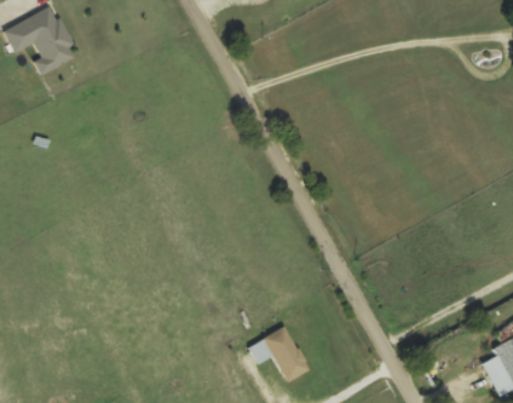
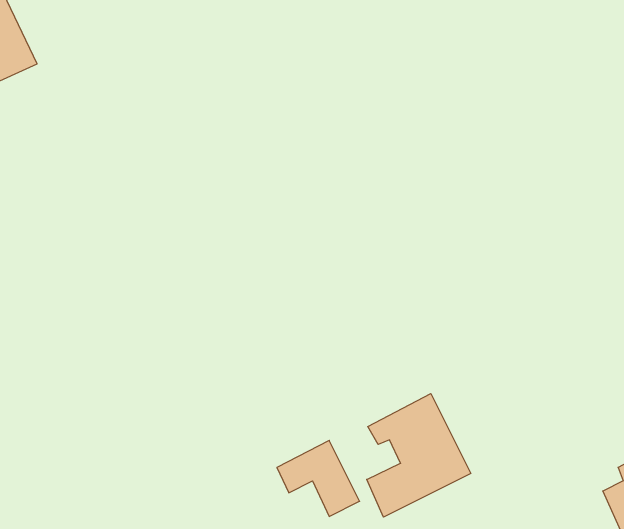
building: none -> [367,394,471,517]

